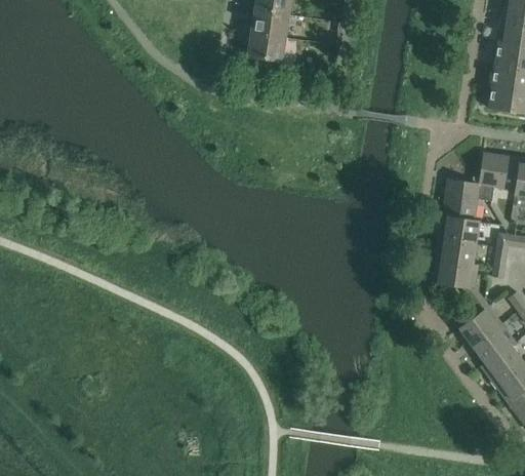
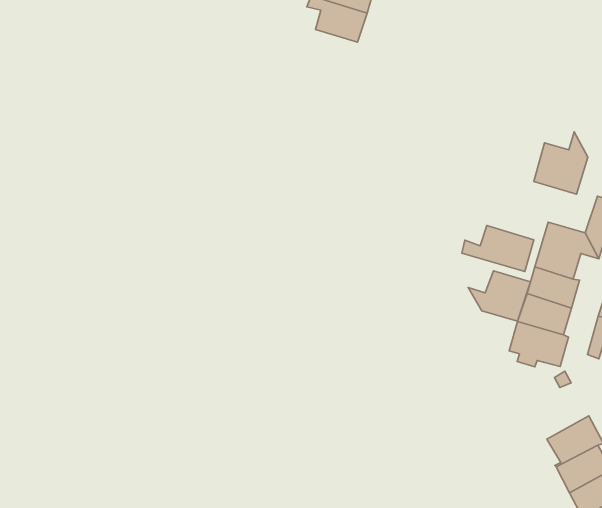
building: none -> [534,132,588,194]
building: none -> [462,226,534,272]
building: none -> [468,271,530,321]
building: [460,307,503,347] -> none

